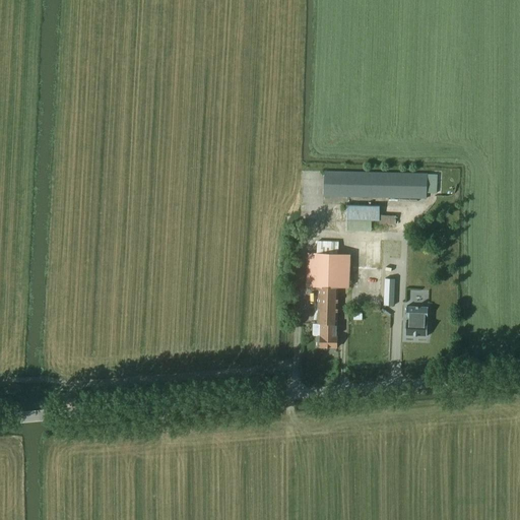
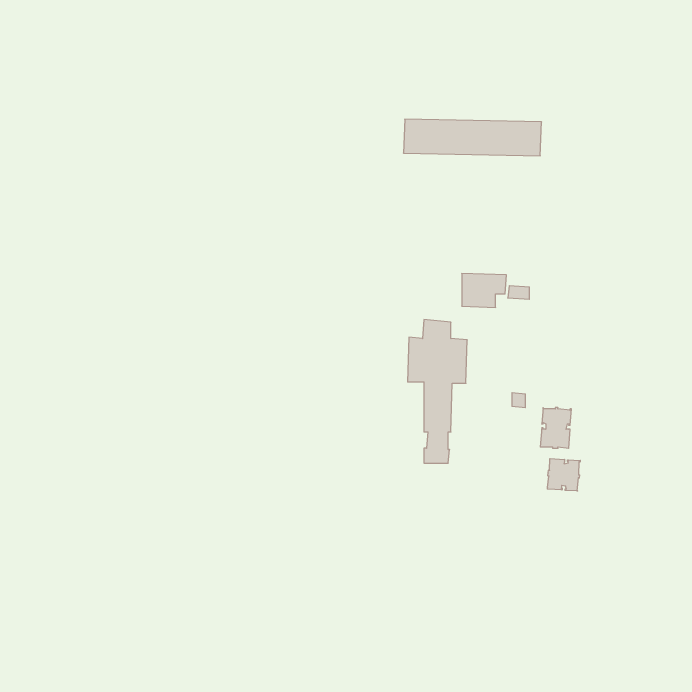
building: [324,172,428,199] -> [403,119,542,156]
building: none -> [547,459,580,491]

